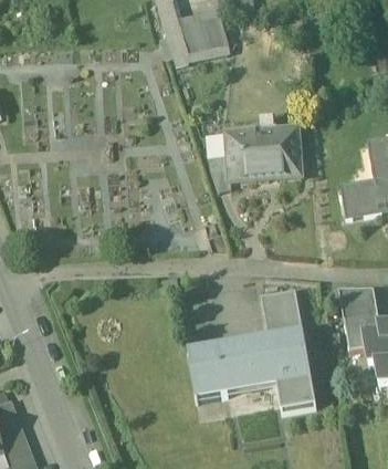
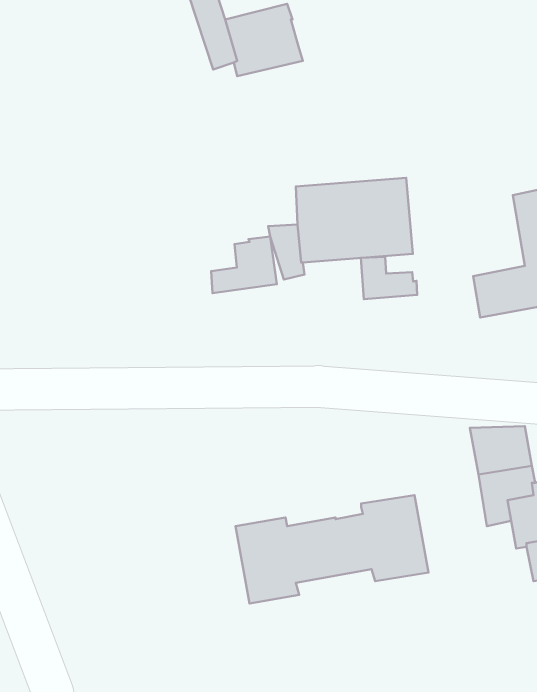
building: none -> [211,237,277,293]
building: none -> [361,257,417,299]
building: [261,289,303,338] -> none
building: [277,381,316,413] -> none

